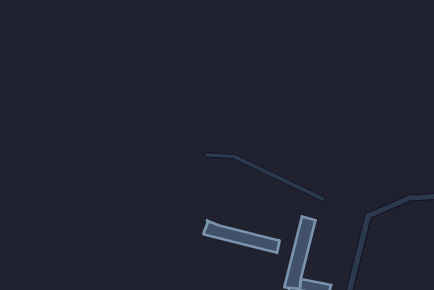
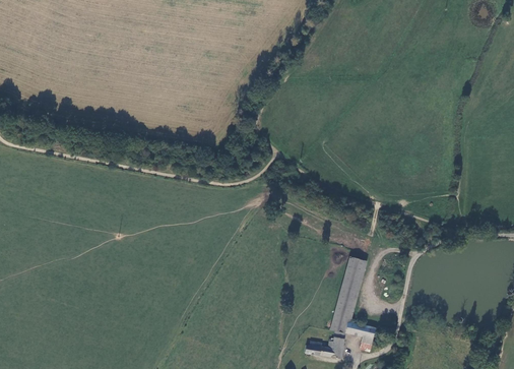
building: [204,220,279,253] -> none

